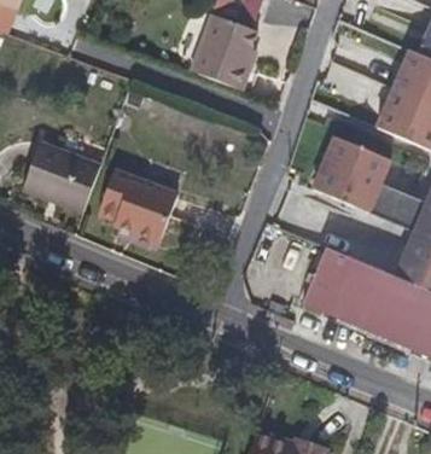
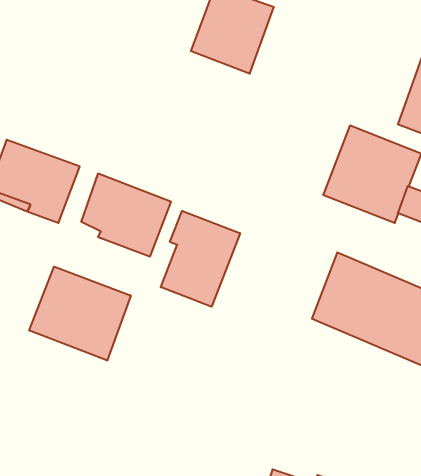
building: none -> [161,211,240,307]
building: none -> [29,267,131,361]

